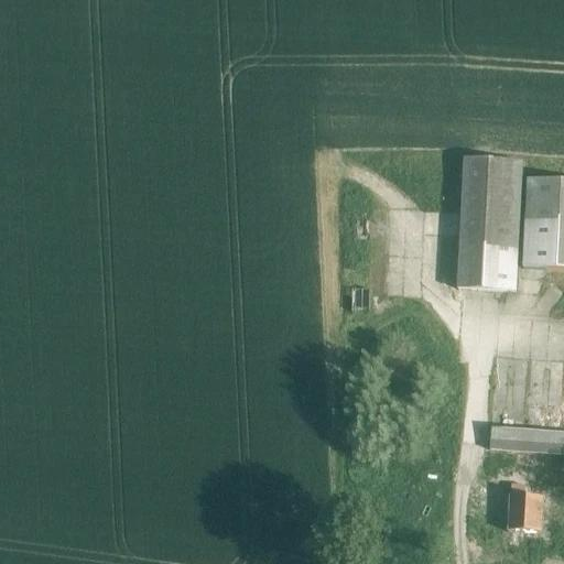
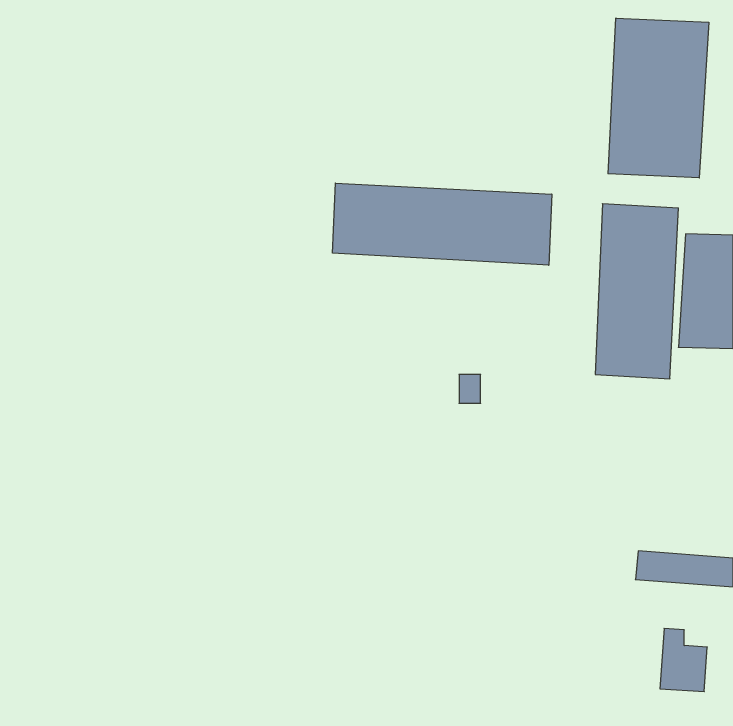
building: none -> [608,18,709,178]
building: none -> [333,183,552,265]

